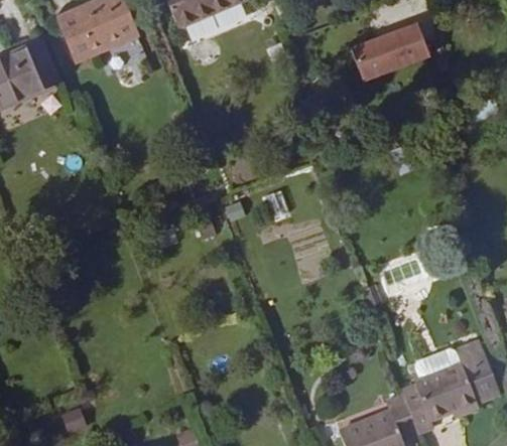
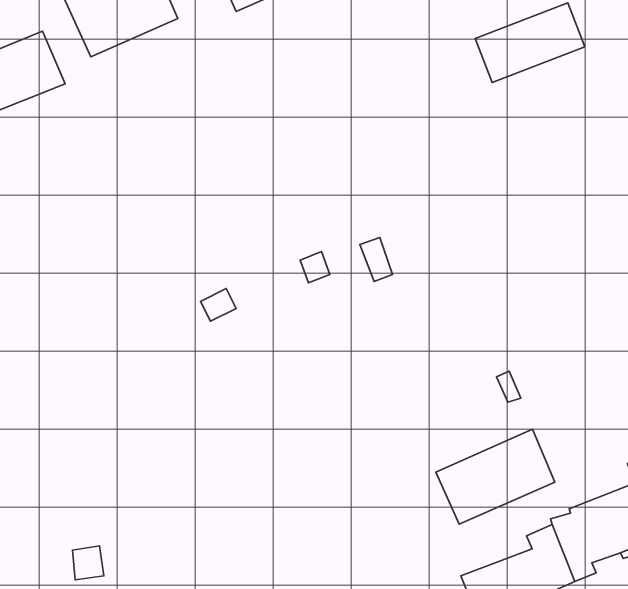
building: none -> [436,429,555,524]

